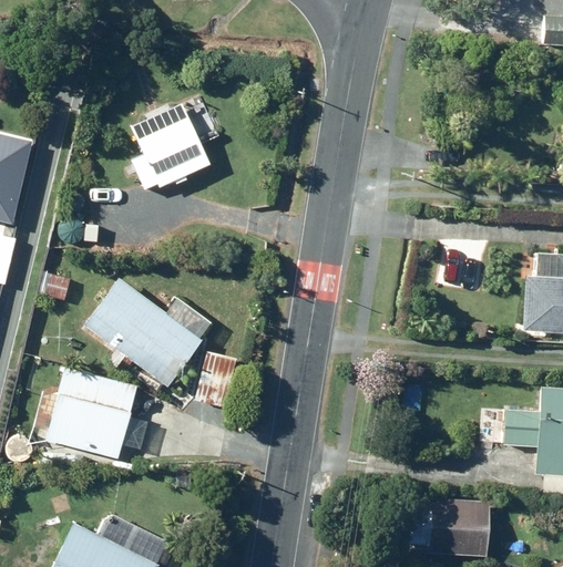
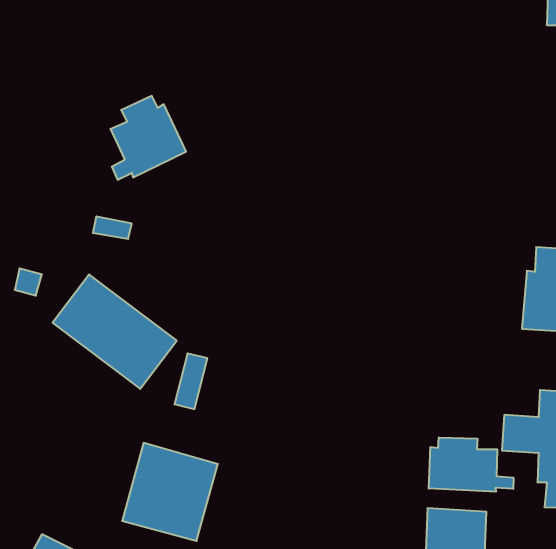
building: [48,367,137,458] -> [122,443,218,541]
building: none -> [429,437,513,492]

